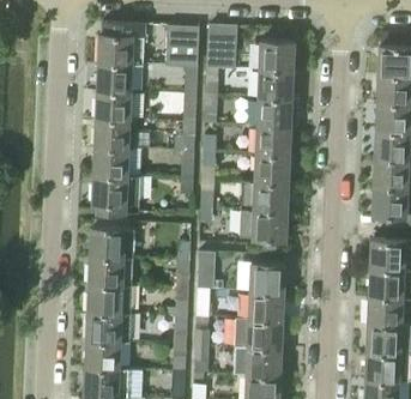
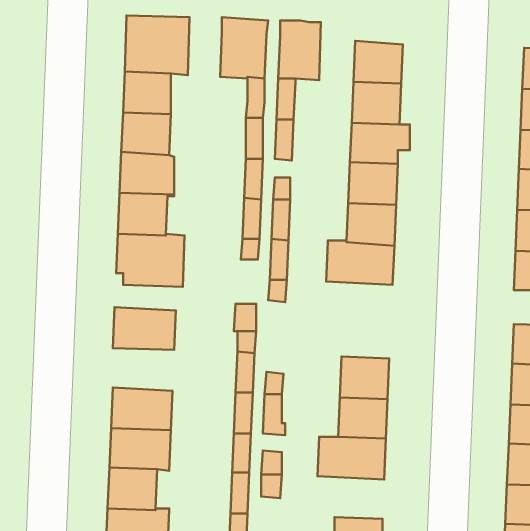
building: [238,210,286,241] -> none
building: [90,256,133,286] -> none
building: [232,346,280,376] -> none

